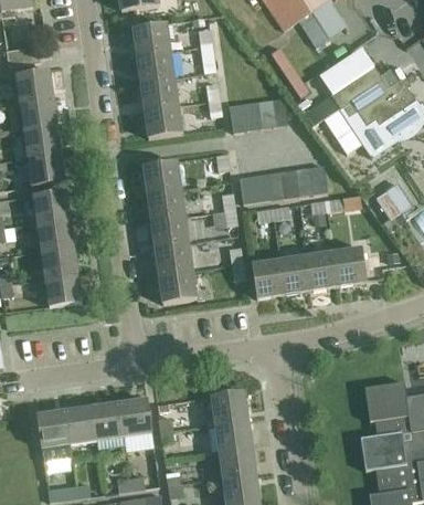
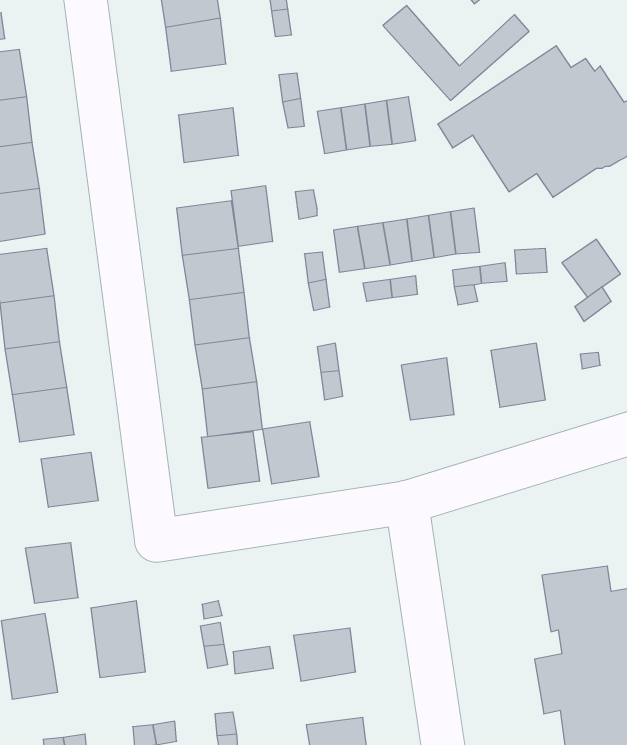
building: [140,77,178,108] -> none
building: none -> [231,186,273,247]
building: [307,251,339,290] -> none
building: [251,260,285,297] -> [262,422,319,484]
building: none -> [201,431,259,488]
building: none -> [41,452,98,507]
building: [211,391,248,423] -> none
building: [119,398,151,435] -> none
building: [64,407,96,443] -> [25,543,78,603]
building: [219,445,256,477] -> none

